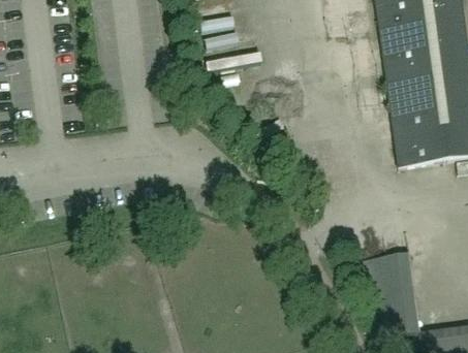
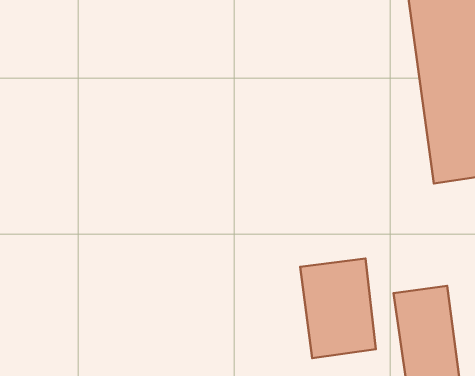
building: none -> [300,259,376,358]

